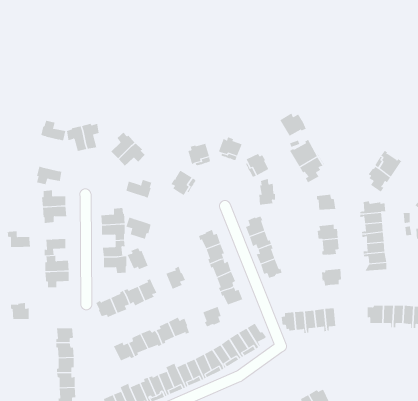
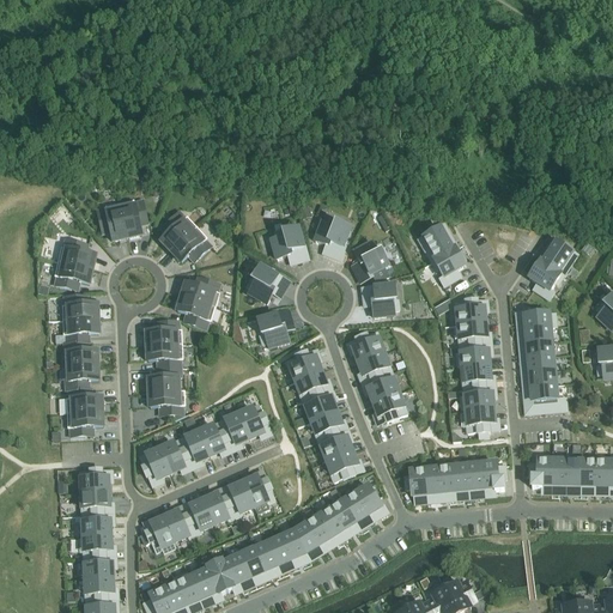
building: [279,113,307,137] -> none
building: [40,120,66,141] -> [57,236,95,266]
building: none -> [257,312,289,344]
building: none -> [459,320,485,344]
building: [126,217,151,239] -> [177,293,214,326]
building: [7,231,31,248] -> [62,339,97,363]
building: [127,247,148,270] -> [218,408,249,441]
building: none -> [460,384,491,407]
building: [10,303,29,319] -> [79,466,107,490]
building: [202,306,222,327] -> [328,449,356,479]
building: none -> [481,460,505,487]
building: none -> [146,516,175,548]

